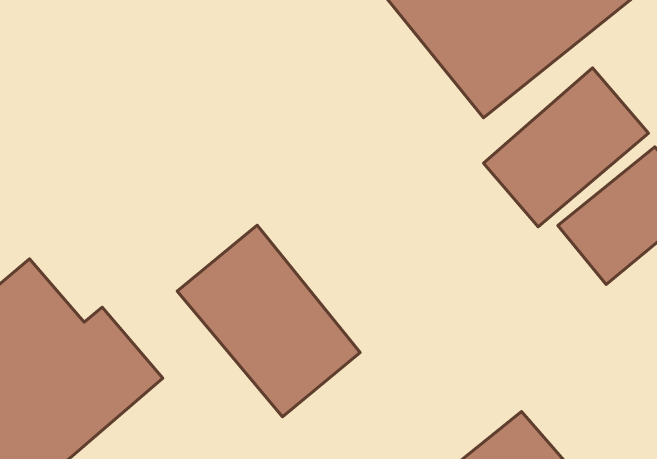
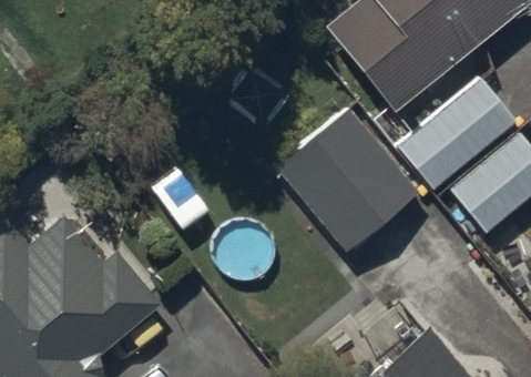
building: none -> [275,104,422,253]
building: [177,225,360,417] -> none

